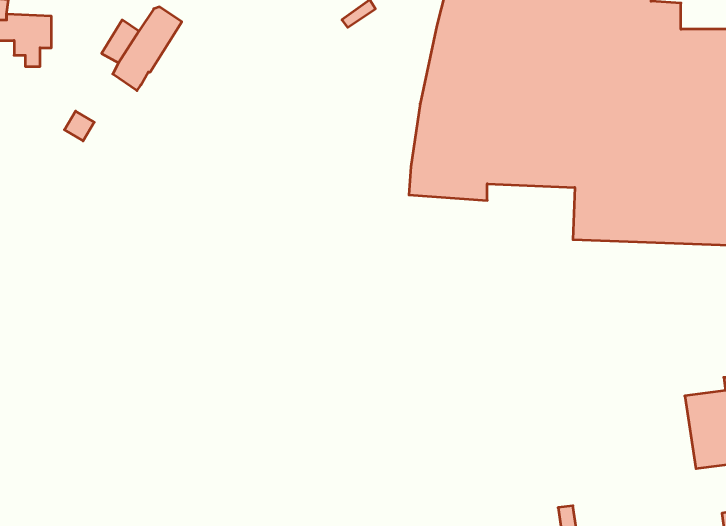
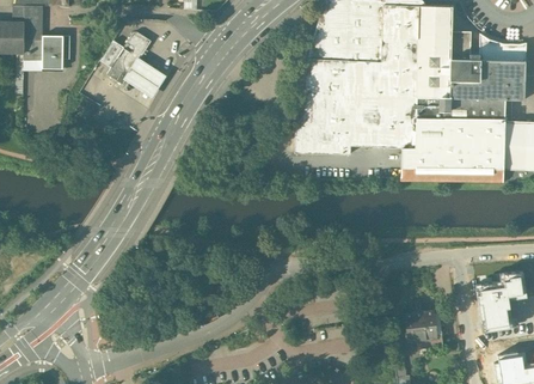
building: none -> [125,60,167,99]
building: none -> [404,311,442,348]

